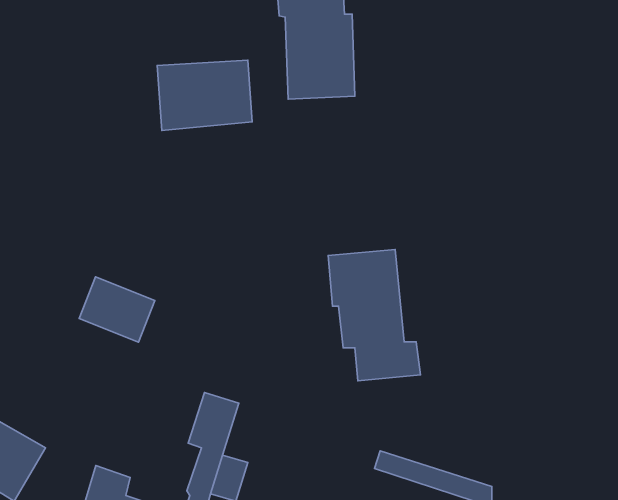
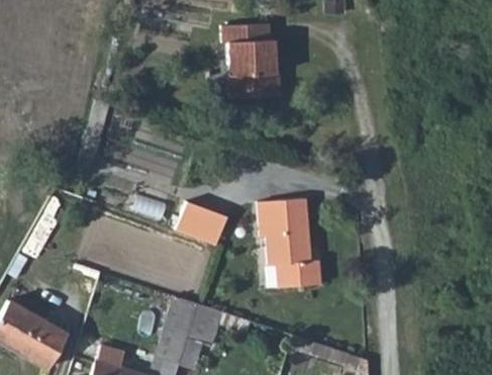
building: [157,60,252,131] -> none
building: [79,277,155,342] -> [175,202,226,247]
building: none -> [187,302,222,346]

